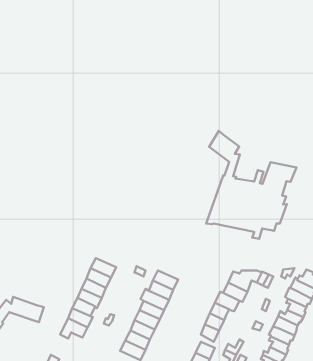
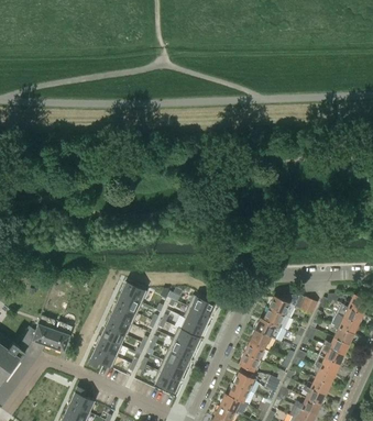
building: [206,131,296,239] -> none

